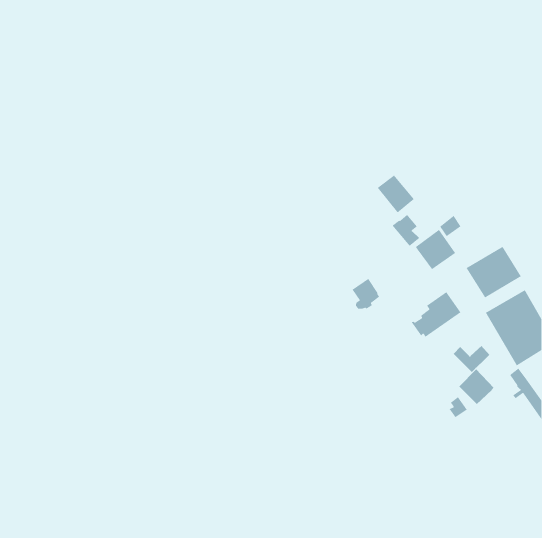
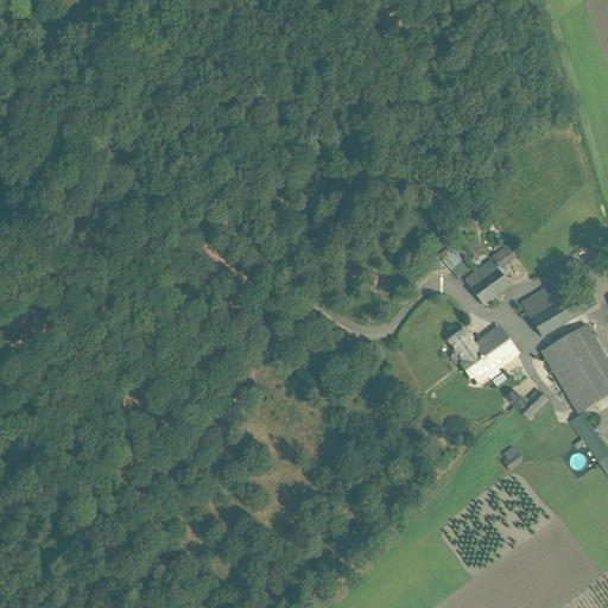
building: [377,174,415,214] -> none
building: [352,278,380,310] -> [448,325,480,361]
building: [458,369,495,405] -> none

